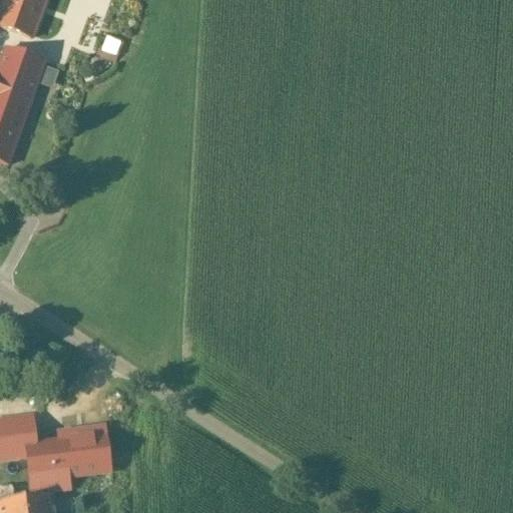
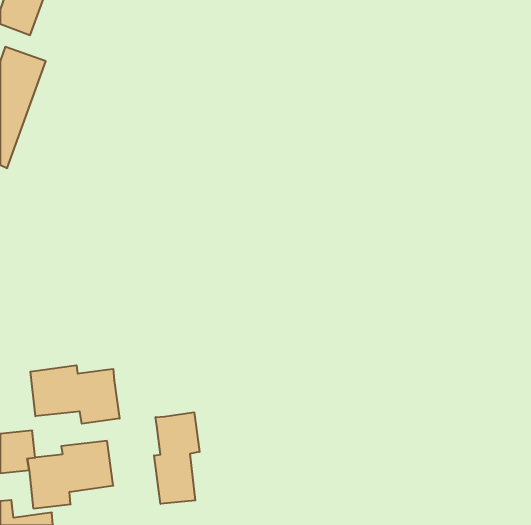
building: none -> [30,365,120,424]
building: none -> [154,412,200,504]

